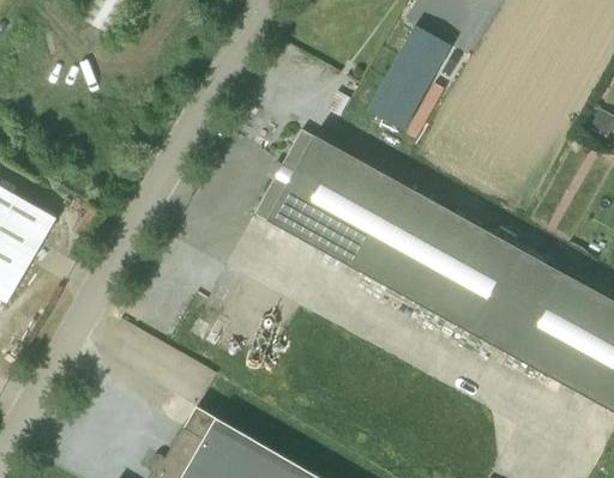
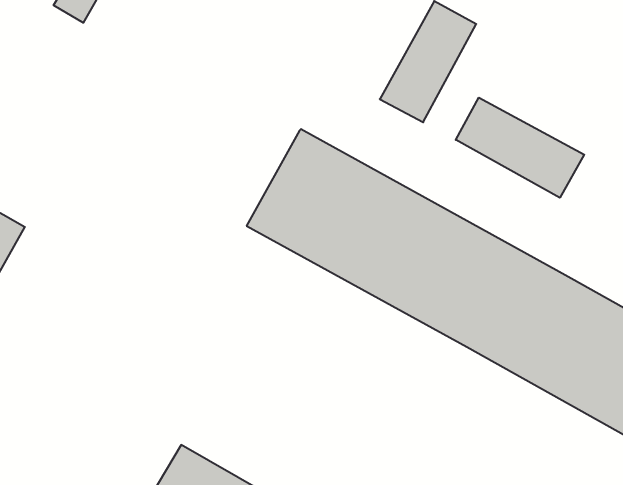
building: none -> [456,98,584,198]

